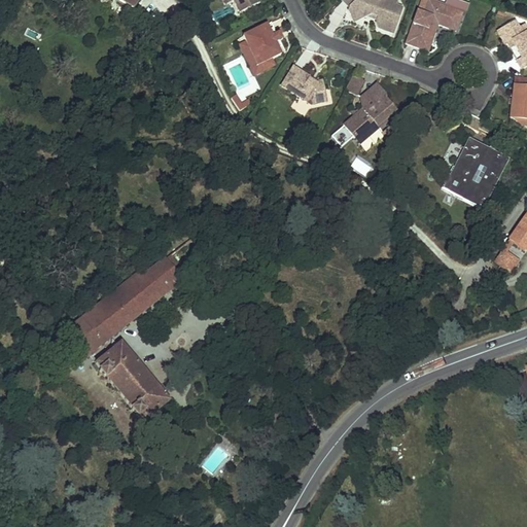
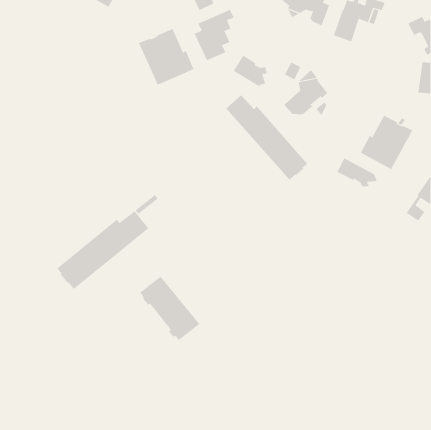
building: none -> [138,28,194,85]
building: none -> [226,94,308,181]
building: none -> [337,157,378,188]
building: [97,340,171,419] -> [140,276,200,341]

